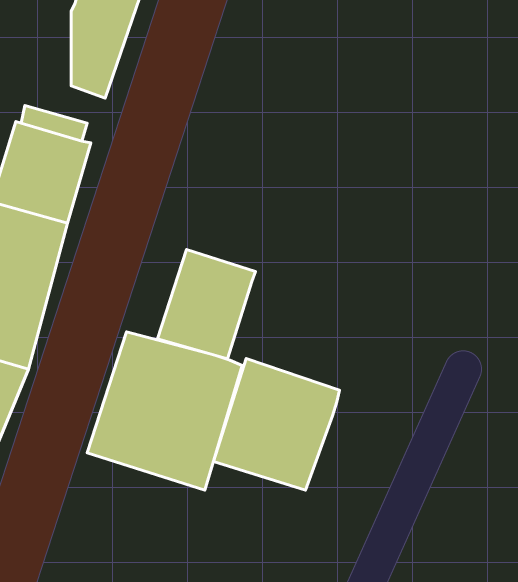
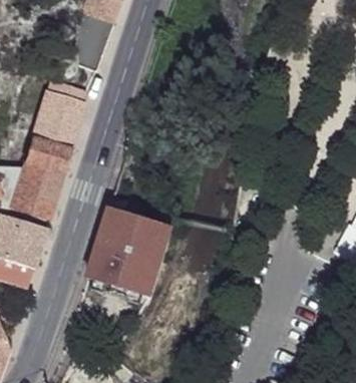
building: [158,250,256,359] -> none
building: [214,359,340,490] -> none

